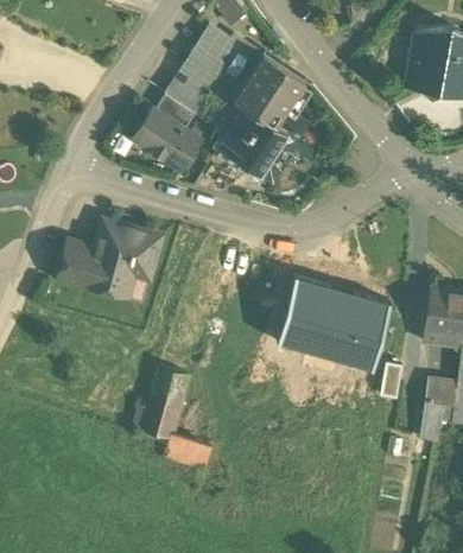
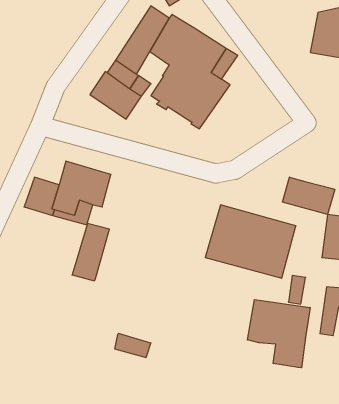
building: none -> [282,177,335,214]
building: [140,366,186,437] -> [72,224,109,281]
building: none -> [247,300,310,368]

